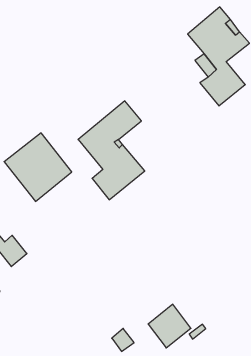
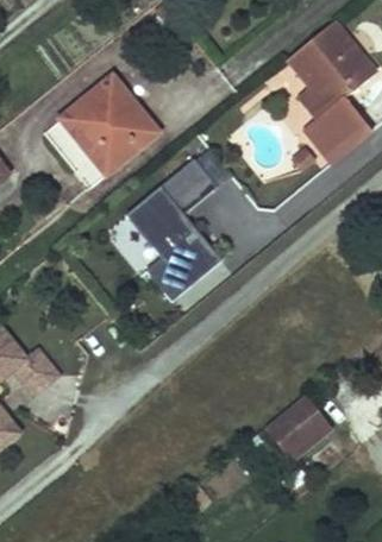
building: [4,133,72,201] -> [60,77,157,176]
building: [148,304,191,348] -> [268,395,330,458]

